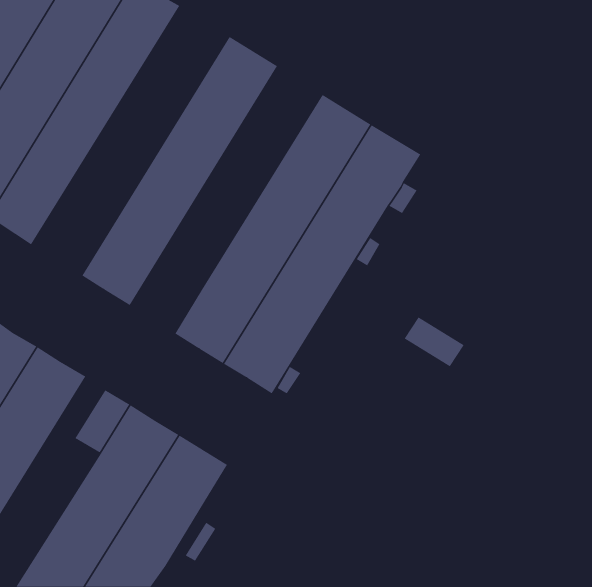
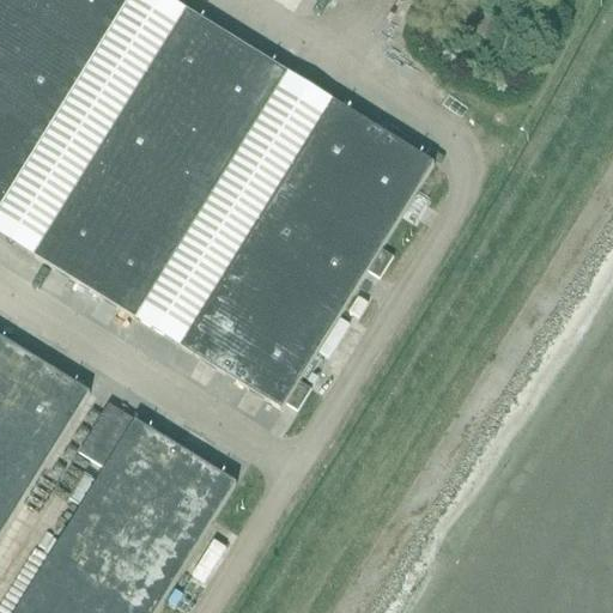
building: none -> [32,6,236,284]
building: none -> [134,68,332,344]
building: [404,316,464,367] -> none

